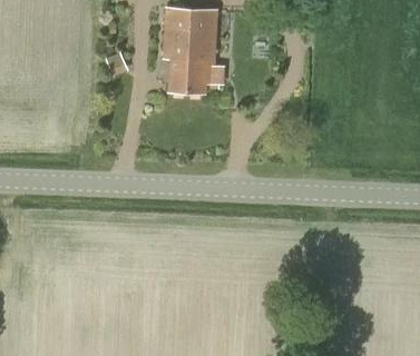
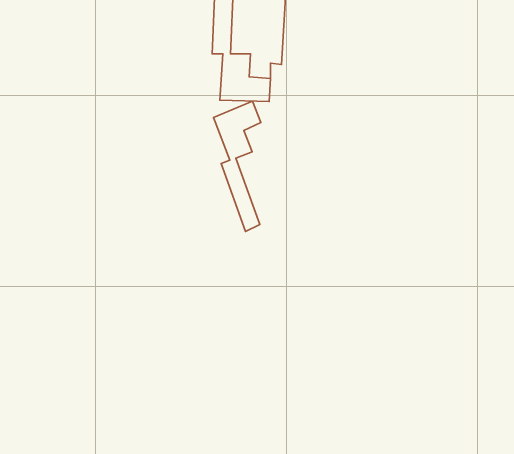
building: none -> [213,101,261,231]

